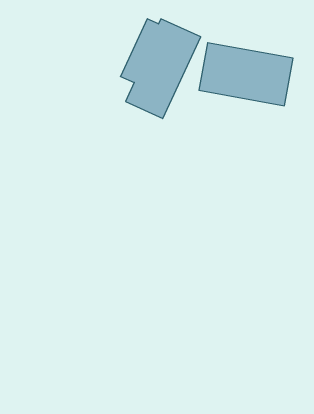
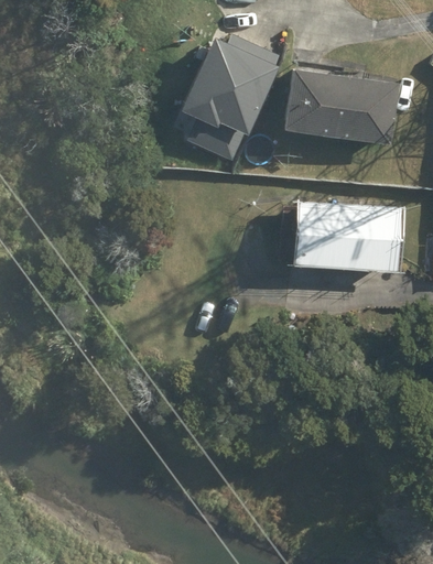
building: none -> [295,202,403,271]

